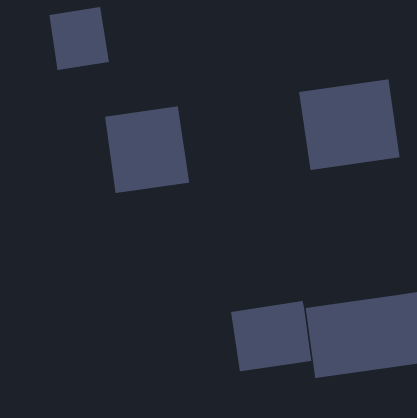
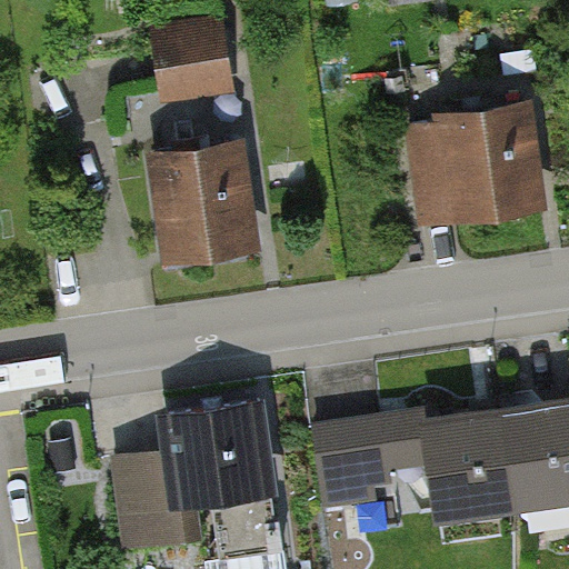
building: [49,6,110,71] -> [156,14,239,102]
building: none -> [108,400,278,552]

